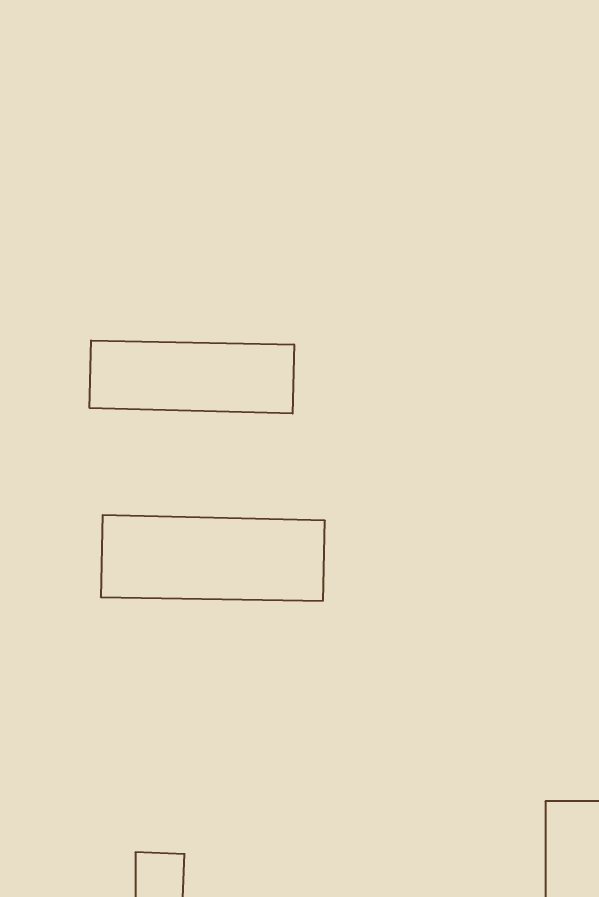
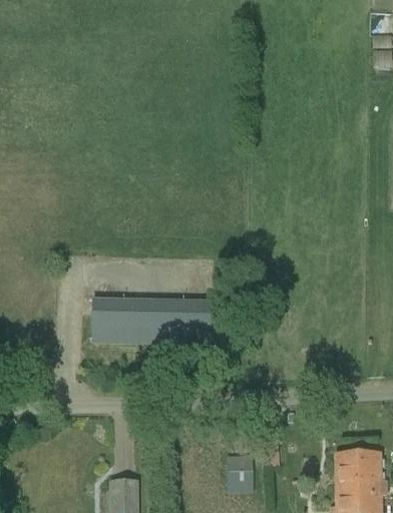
building: [90,340,294,414] -> none
building: none -> [227,456,253,492]

